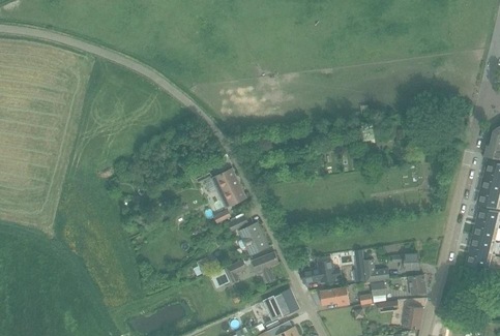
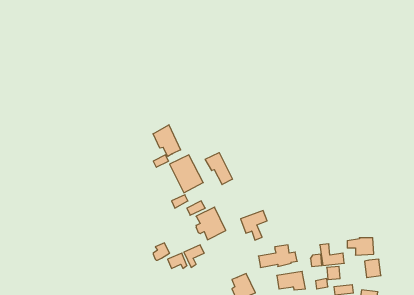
building: none -> [153,125,181,156]
building: none -> [205,153,232,185]
building: [252,252,278,282] -> [241,211,267,240]

